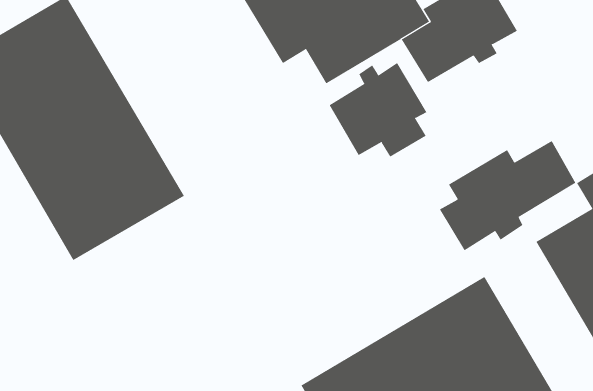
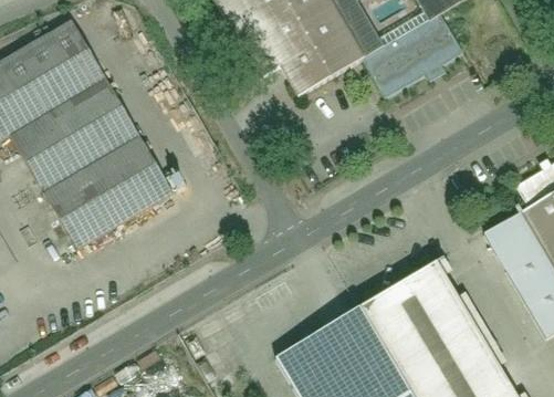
building: [329,62,427,158] -> none
building: [439,140,576,251] -> none

